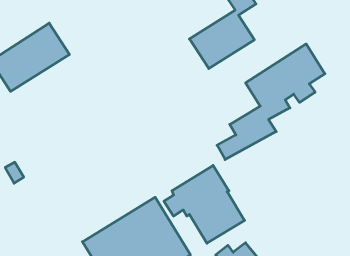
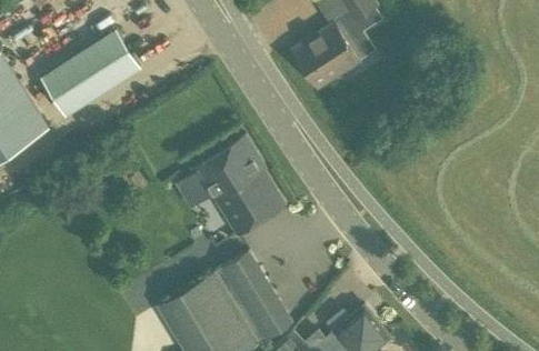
building: [217,44,325,160] -> none
building: [164,165,245,243] -> [182,137,285,235]

